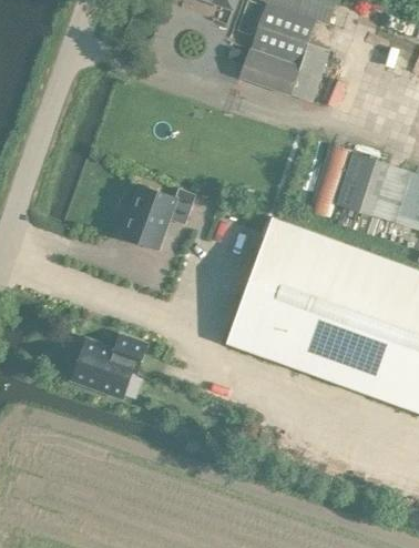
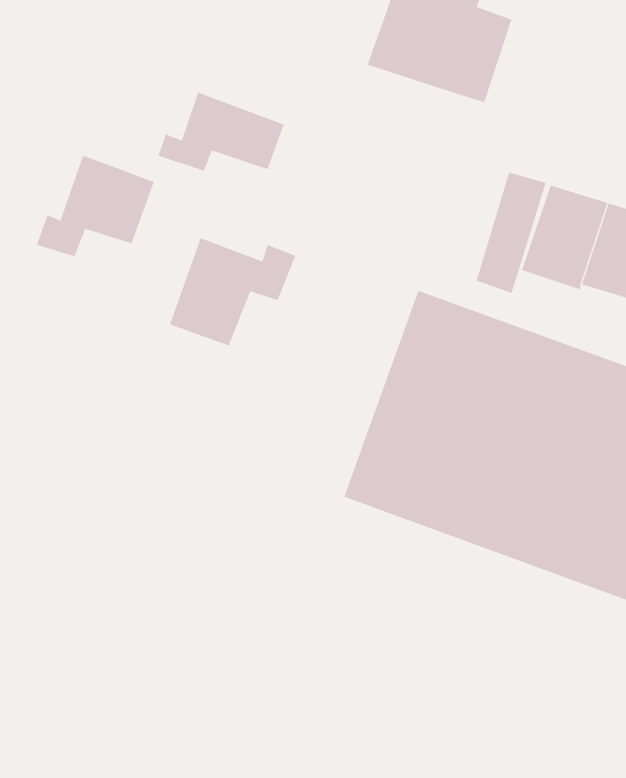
building: none -> [158,92,285,172]
building: none -> [36,155,154,257]
building: [71,335,145,398] -> none

